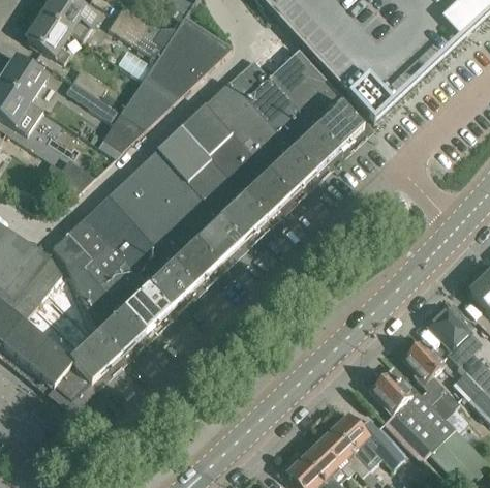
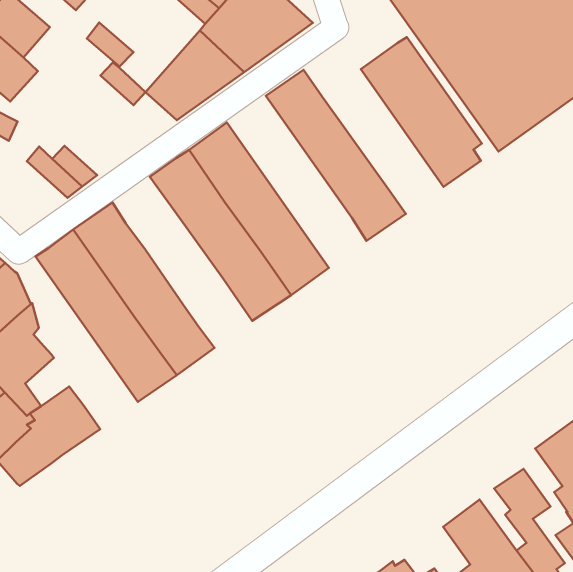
building: [228,59,338,173] -> none
building: [180,103,289,218] -> none
building: [102,113,145,151] -> none
building: [108,172,217,285] -> none
building: [51,239,145,354] -> none

